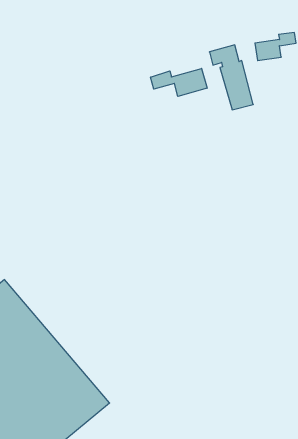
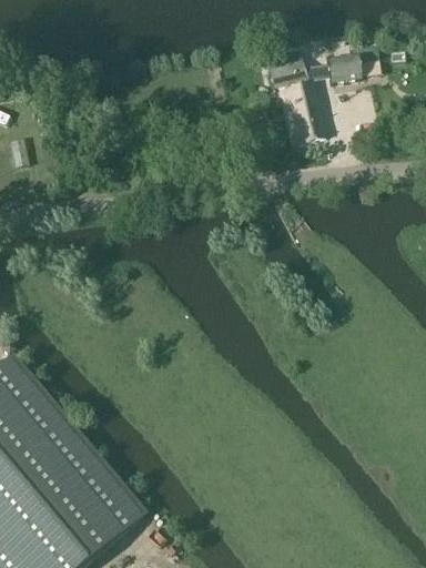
building: [151,68,207,96] -> none

